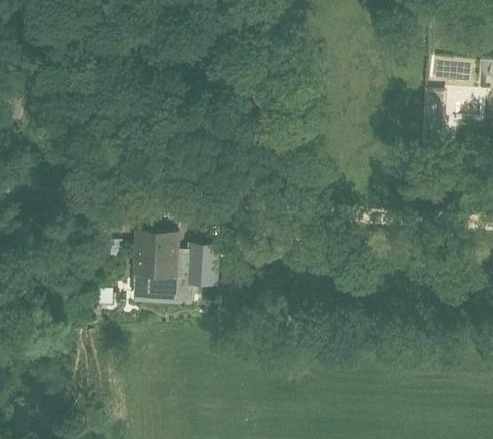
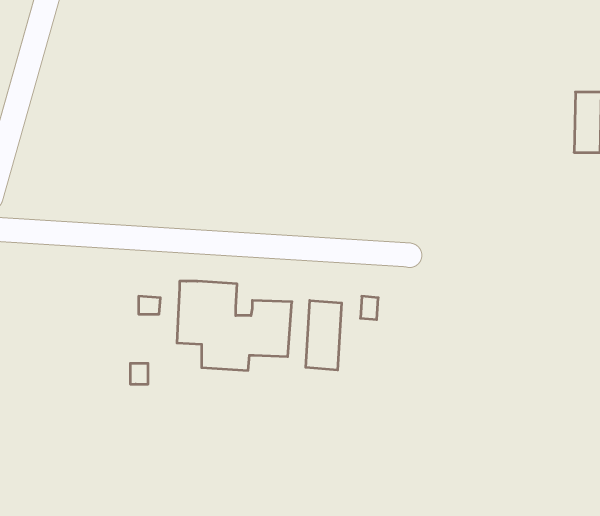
building: none -> [306,300,342,370]

